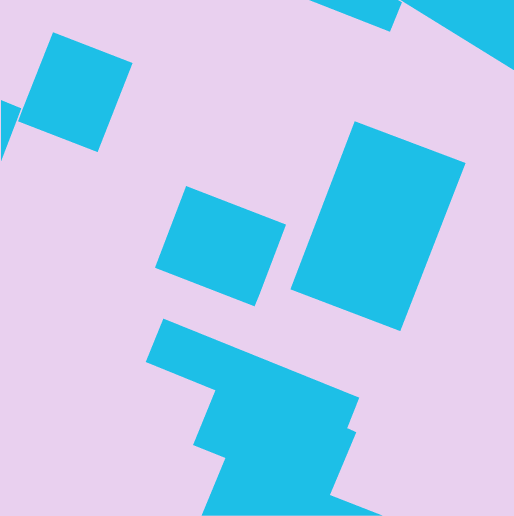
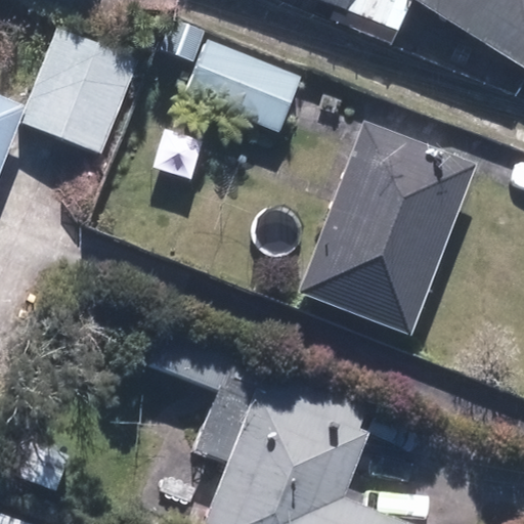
building: none -> [184,44,299,136]
building: [154,185,287,307] -> none

